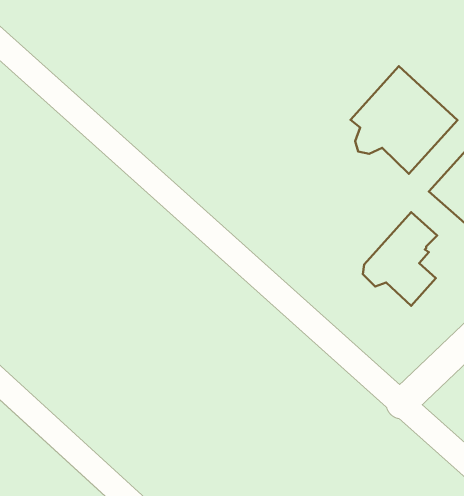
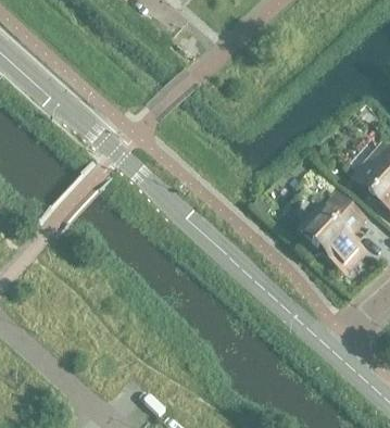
building: [351,66,457,174] -> none

